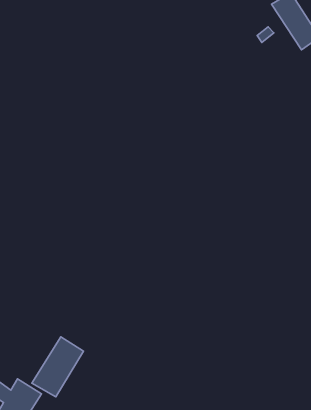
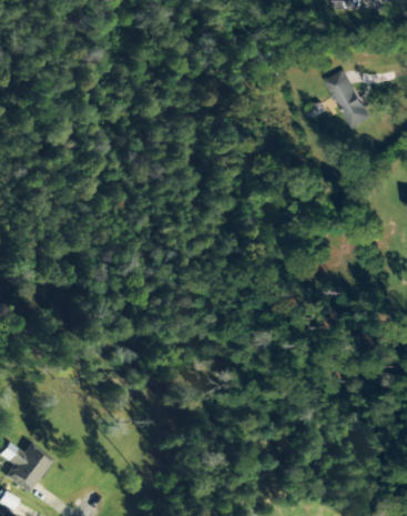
building: [32,337,83,397] -> none

